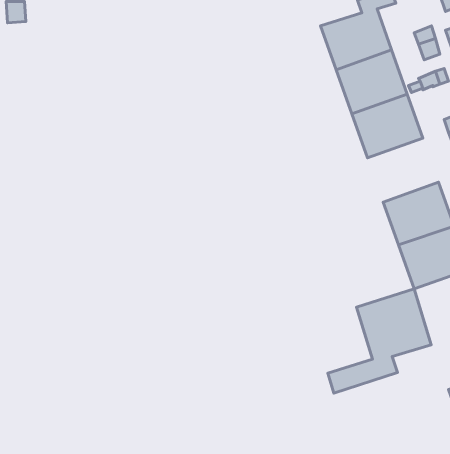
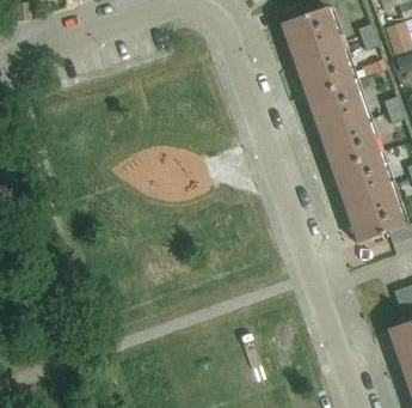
building: none -> [320,117,380,171]
building: [328,289,431,393] -> none

